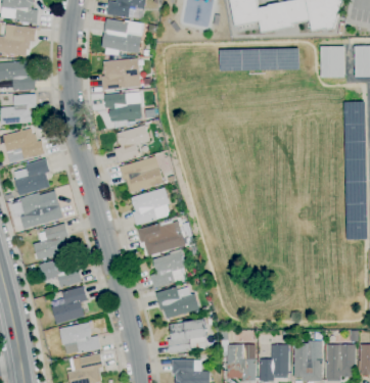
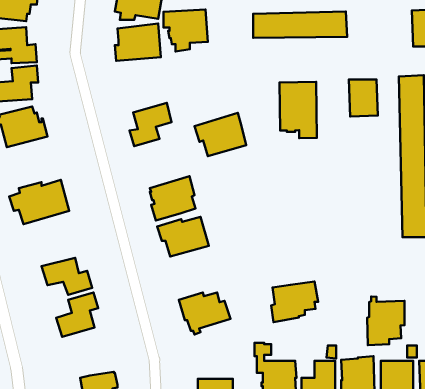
building: [320,46,344,78] -> [349,79,378,117]
building: [104,92,142,128] -> [164,9,208,51]
building: none -> [280,82,317,138]
building: [119,155,163,192] -> [195,113,246,156]
building: [13,158,49,195] -> none
building: [33,223,68,259] -> none
building: [150,248,187,288] -> none
building: none -> [367,296,405,345]
building: [168,319,207,353] -> [271,281,318,322]
building: [58,322,100,353] -> none

